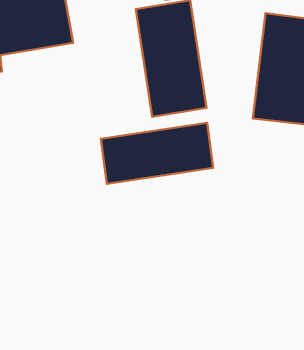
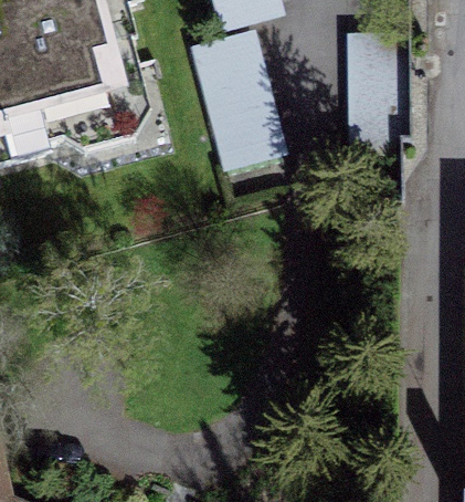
building: [101,123,213,184] -> none

